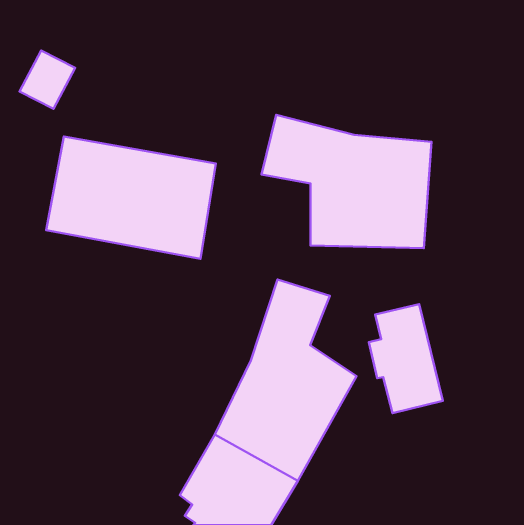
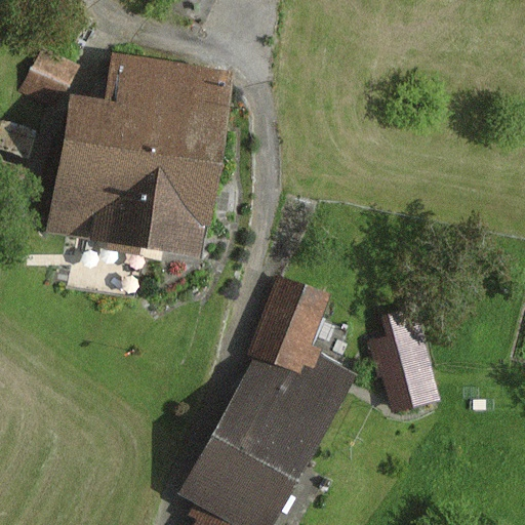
building: none -> [64,55,231,163]
building: [261,115,431,248] -> none

